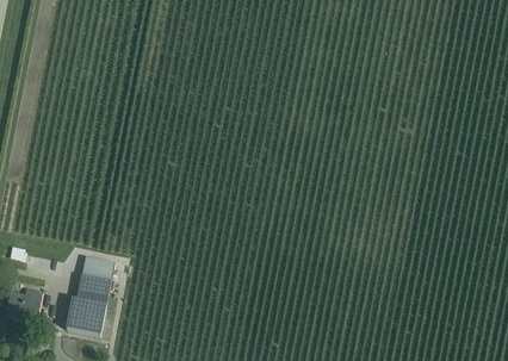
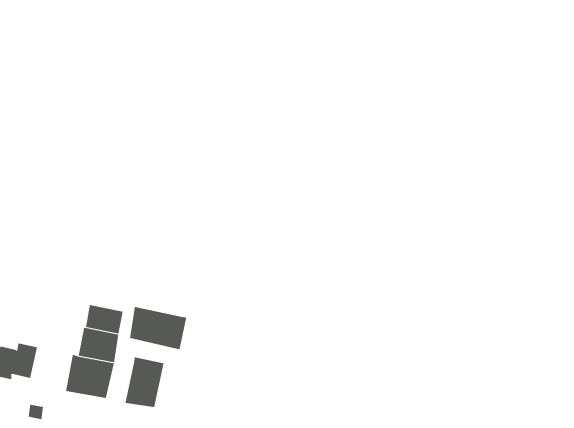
building: none -> [130,306,187,350]
building: none -> [125,357,164,408]

